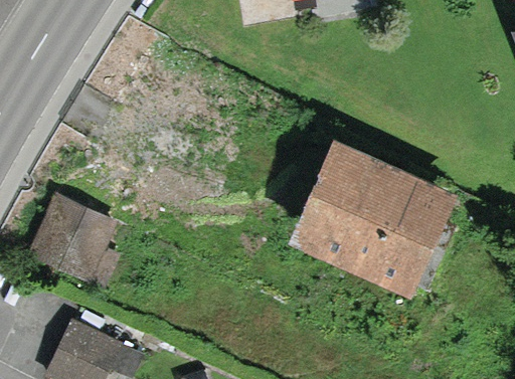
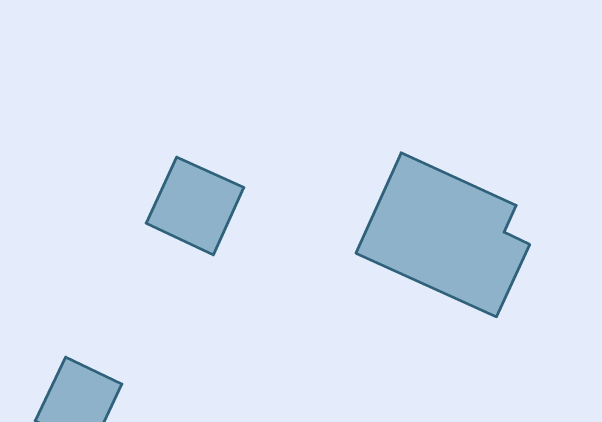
building: [31,196,112,276] -> [146,157,244,255]

